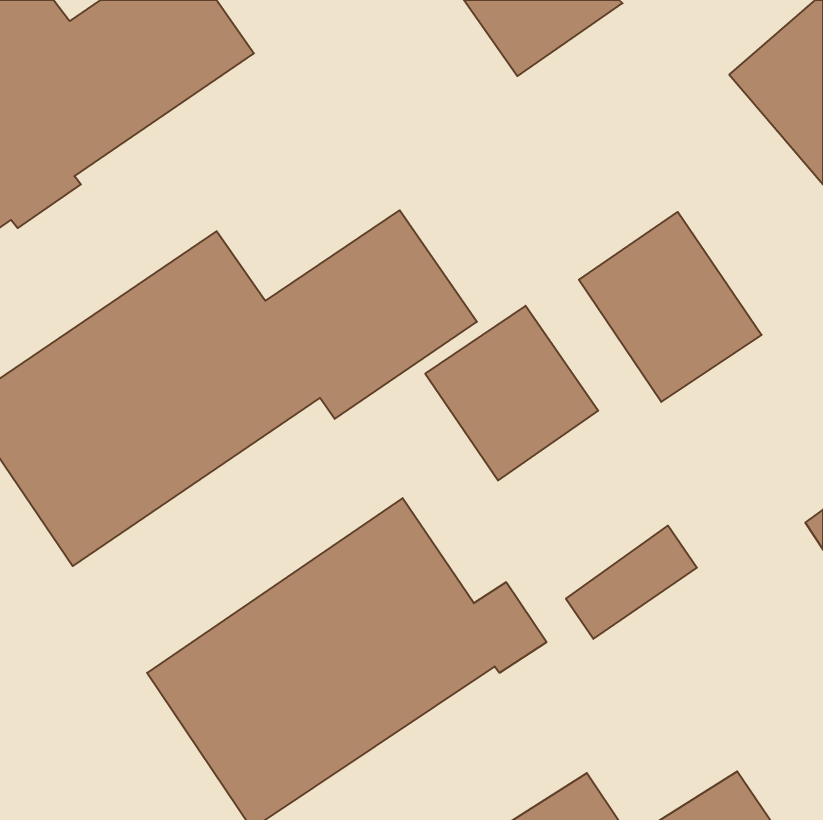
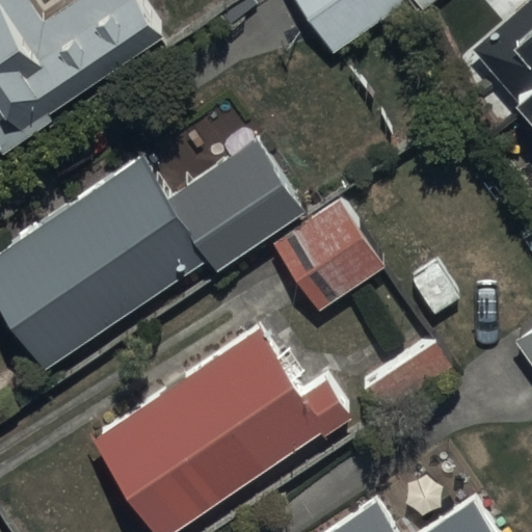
building: [579,212,762,402] -> none

